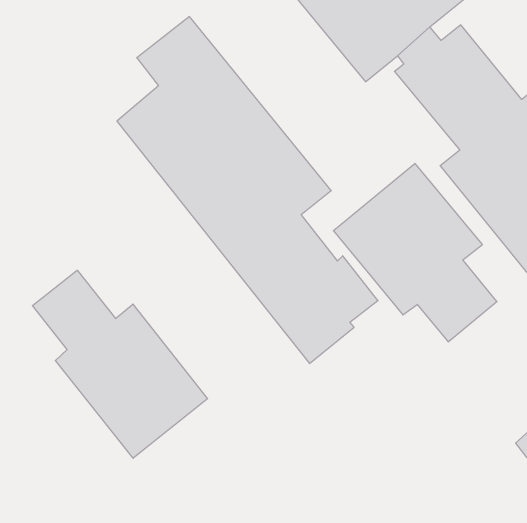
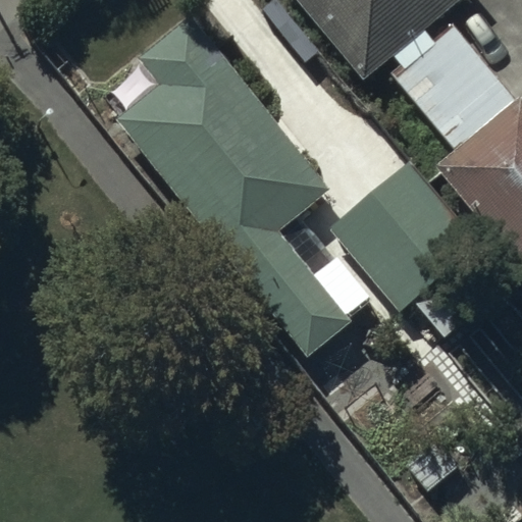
building: [32,270,208,458] -> none

